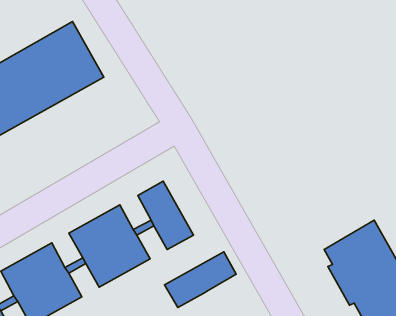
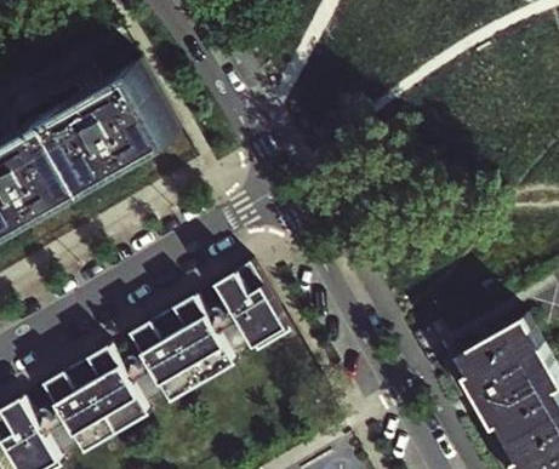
building: [165,252,236,308] -> none

